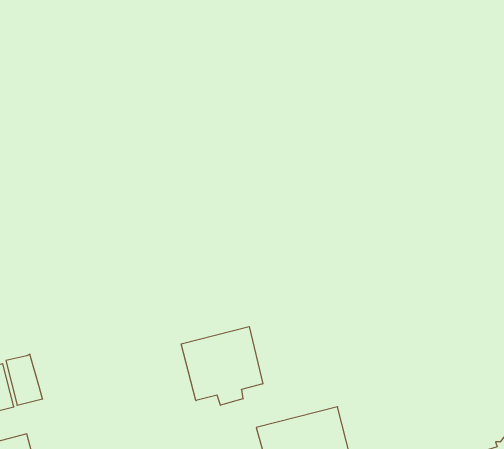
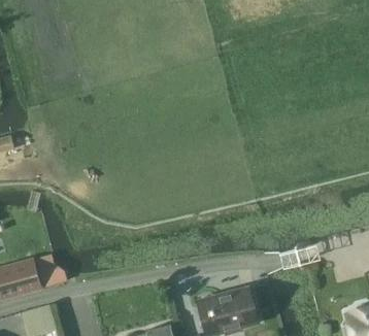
building: [181,327,263,405] -> none

